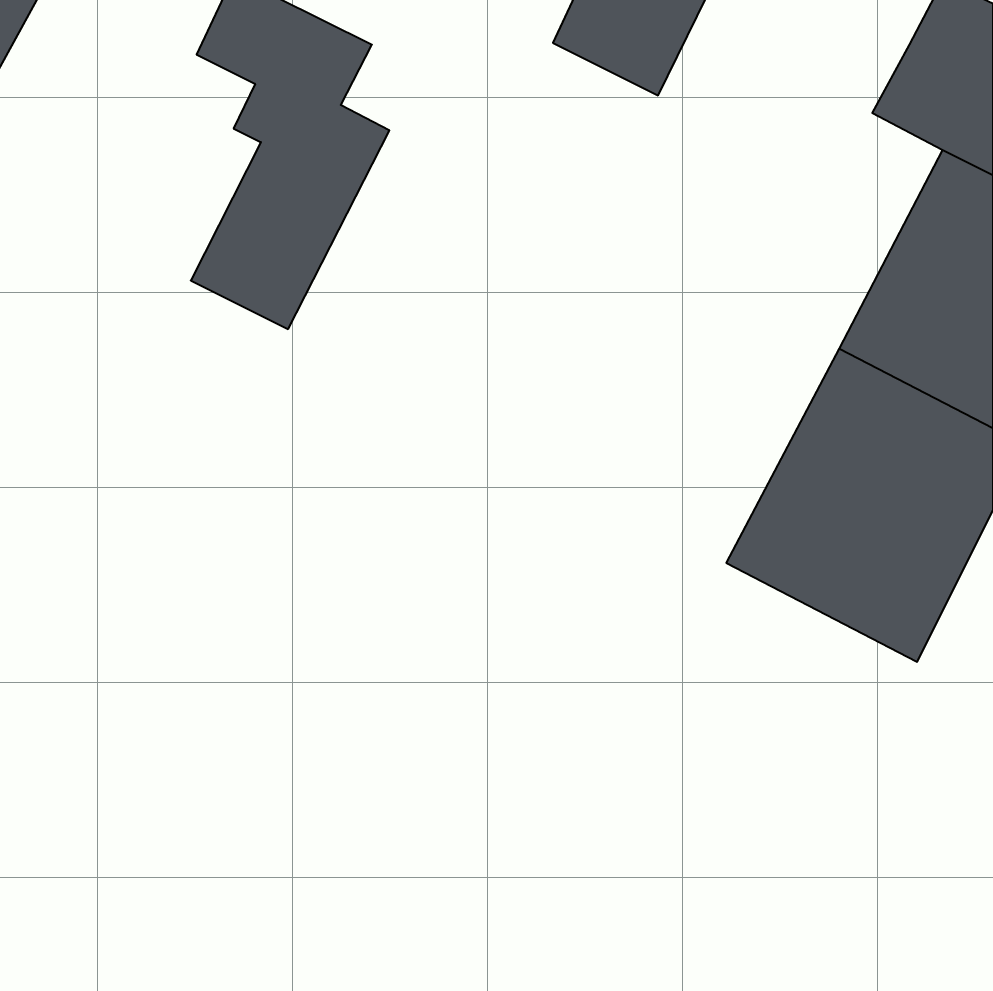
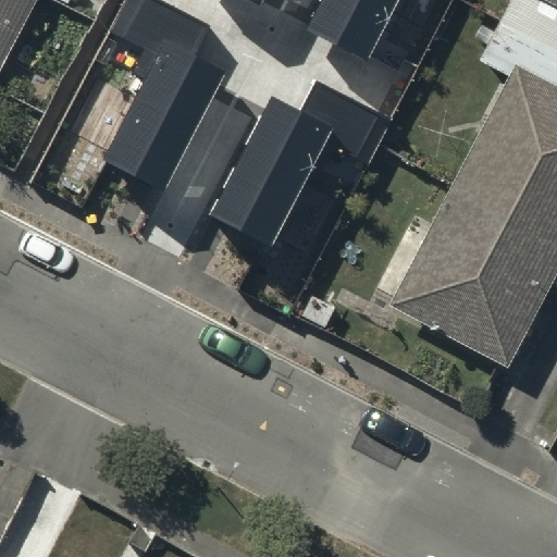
building: none -> [212,81,388,242]

